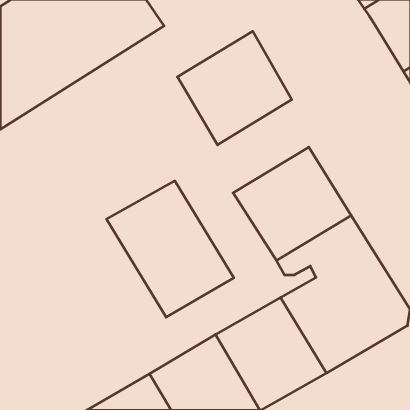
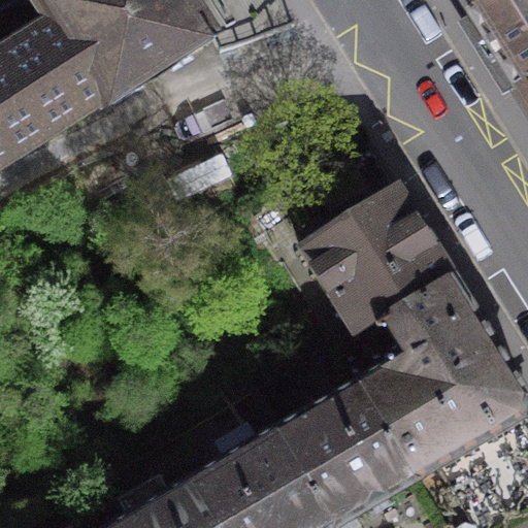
building: [177,31,292,145] -> none
building: [107,181,234,317] -> none

